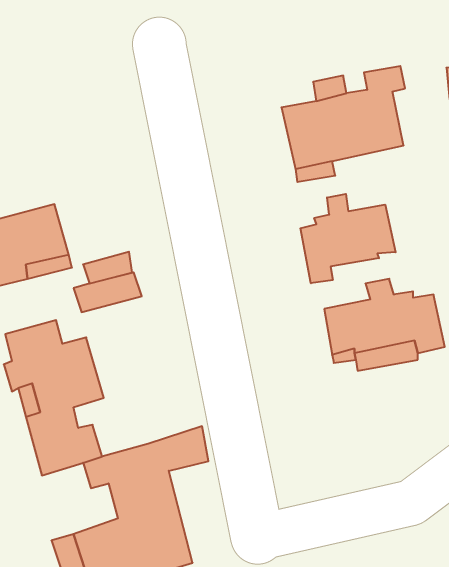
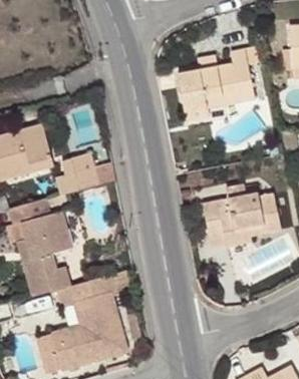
building: [300,194,396,283] -> none

